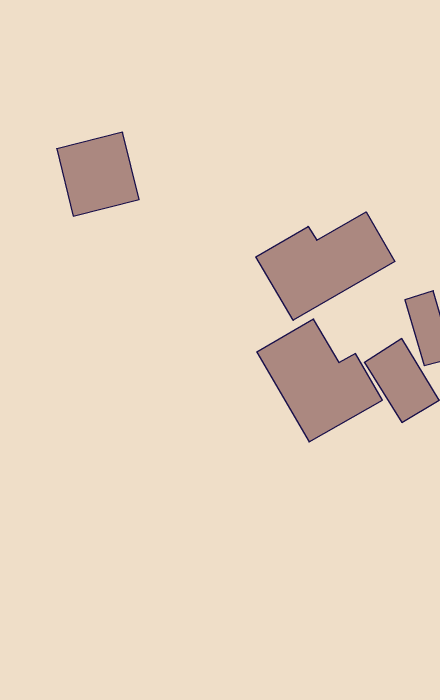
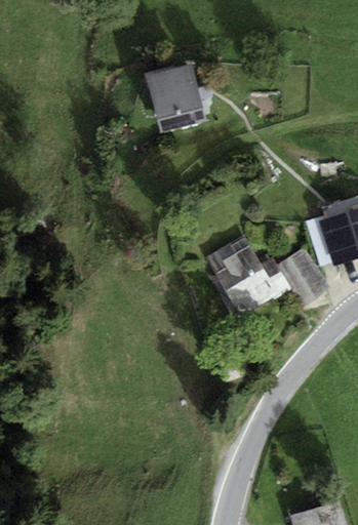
building: [57,132,139,216] -> [147,64,203,121]
building: [256,212,395,320] -> none

